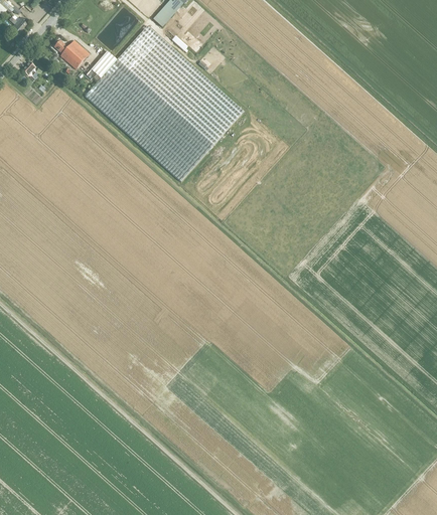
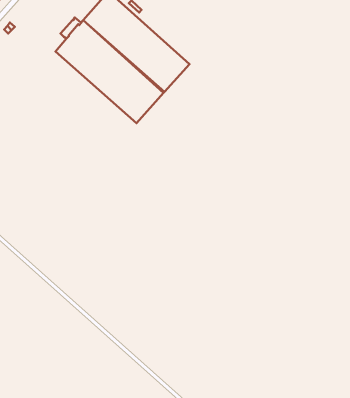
building: [53,38,89,67] -> none

